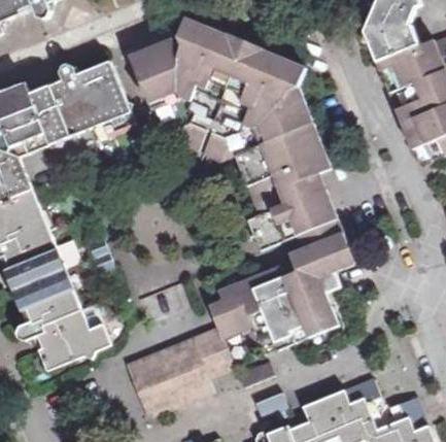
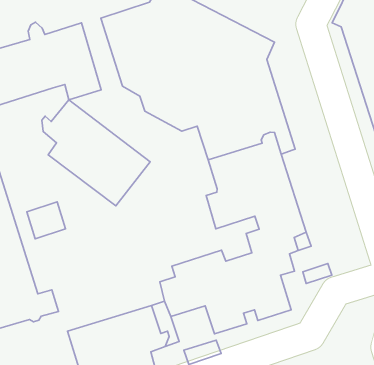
building: none -> [42,100,150,206]

